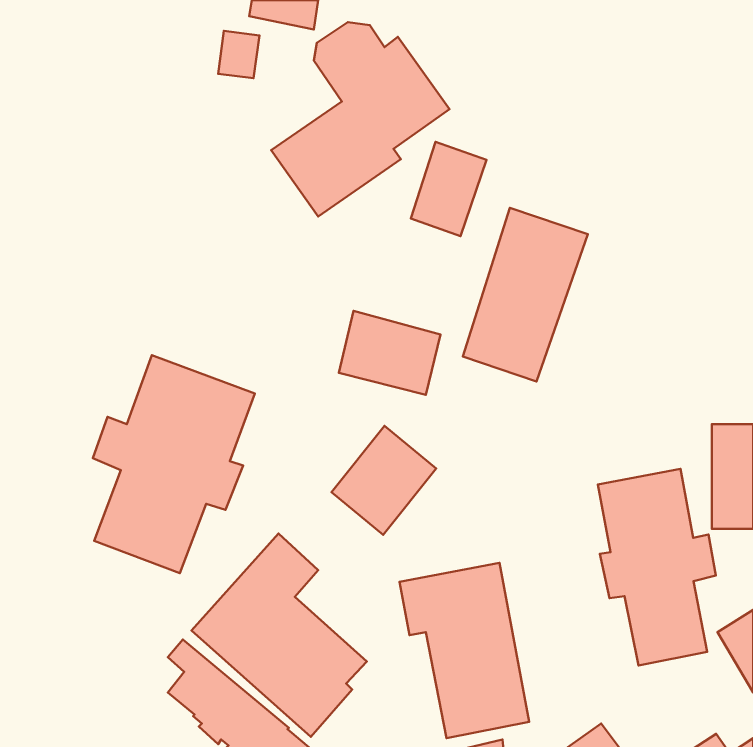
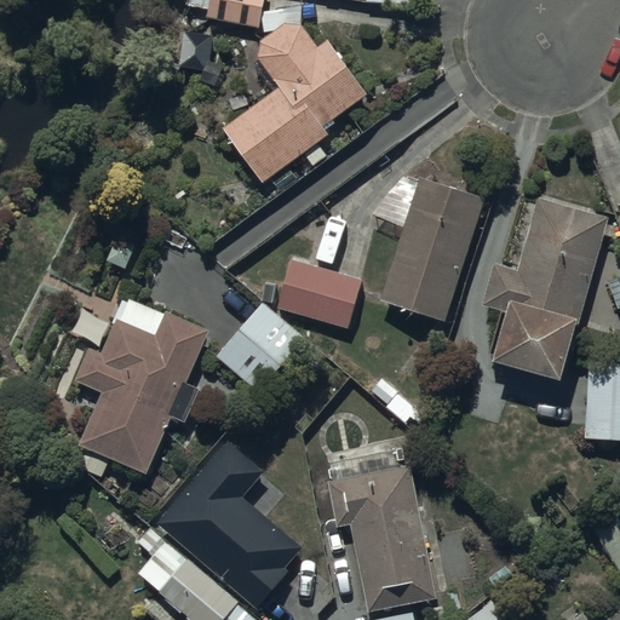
building: [411,142,486,236] -> none
building: none -> [483,201,609,377]
building: [332,426,436,535] -> [217,303,303,392]
building: [598,469,716,665] -> none

